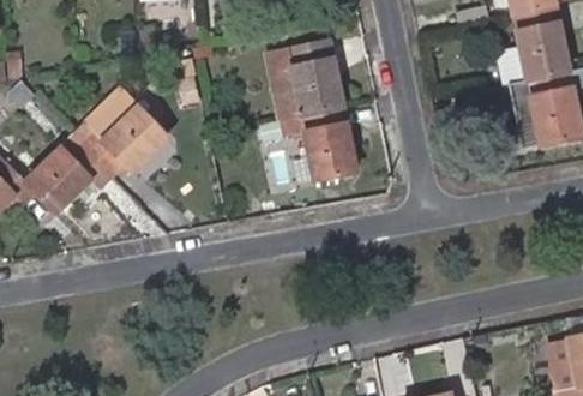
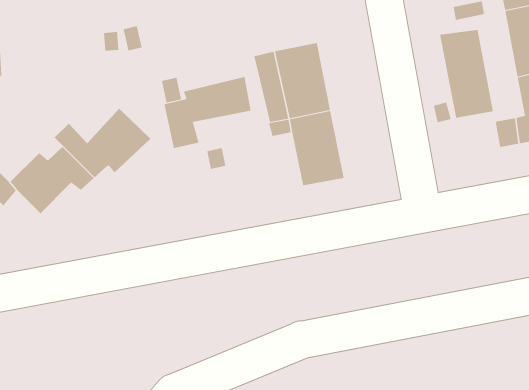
building: none -> [440,29,493,118]
building: none -> [164,76,251,149]
building: [88,90,137,140] -> none

